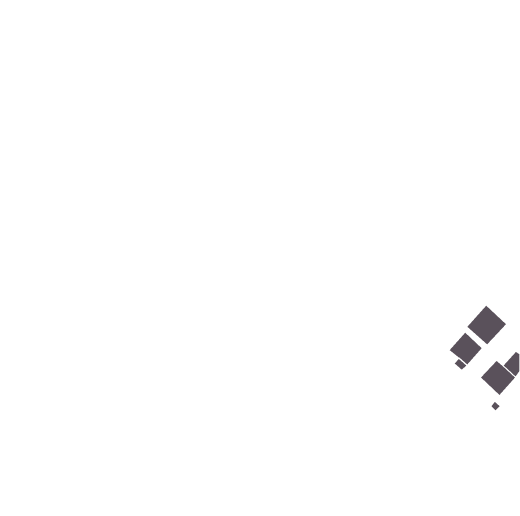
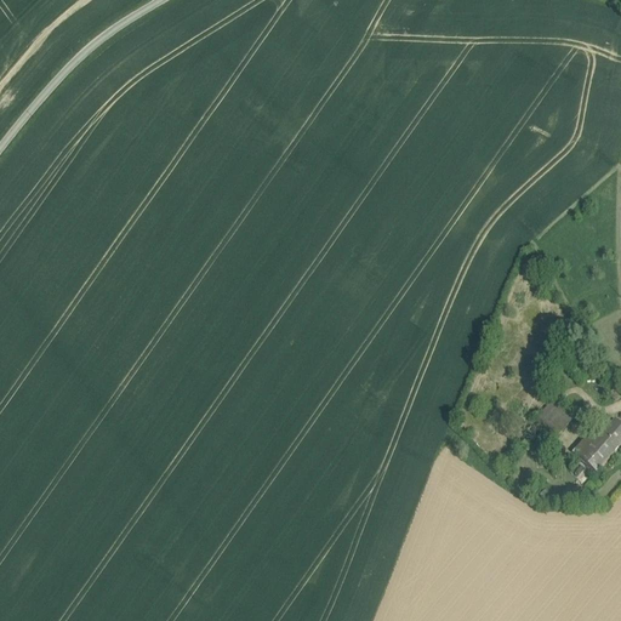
building: [466,305,507,345] -> none

